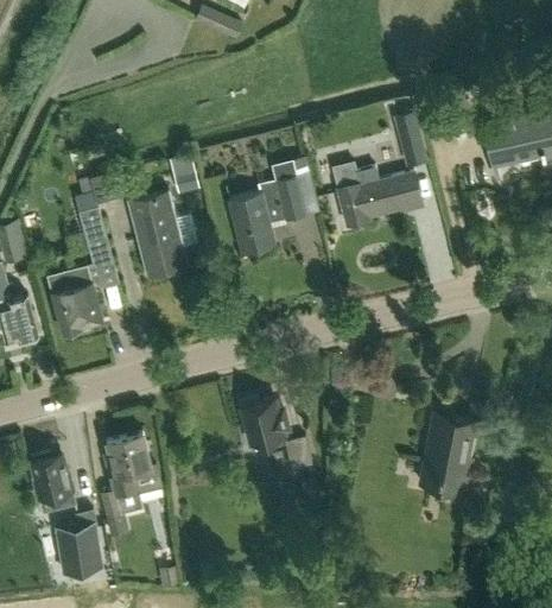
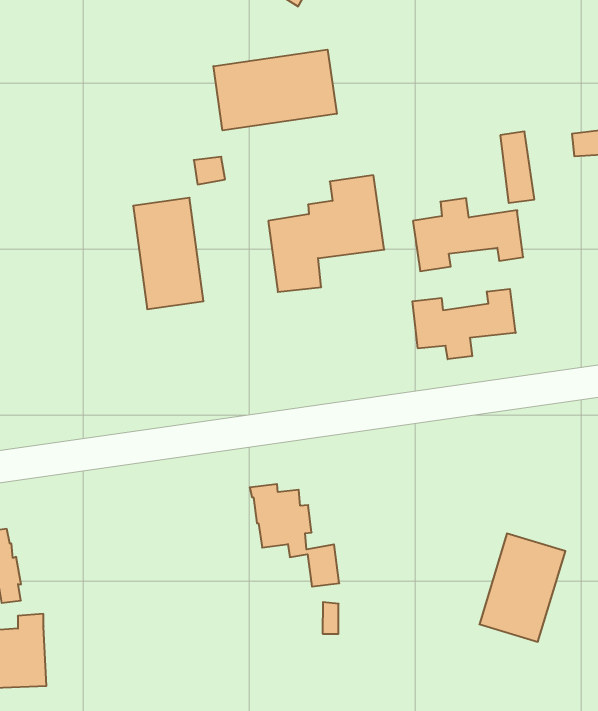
building: none -> [213,50,337,130]
building: [46,200,113,336] -> none
building: none -> [412,289,516,359]
building: [101,433,161,538] -> none

